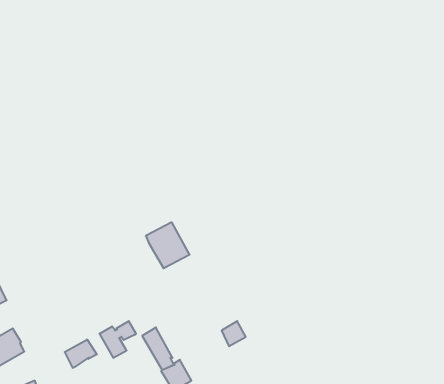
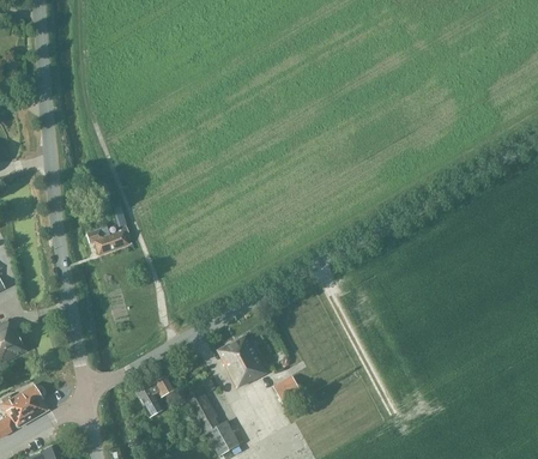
building: none -> [86,224,133,253]
building: [146,222,190,268] -> [216,334,266,387]
building: [65,339,97,368] -> none

